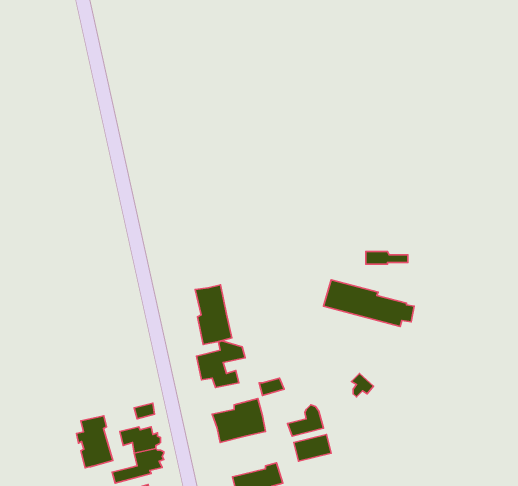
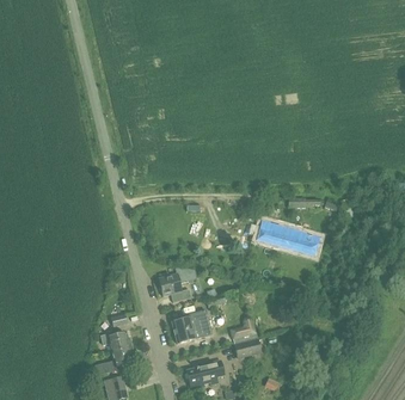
building: [195,285,232,345] -> none
building: [77,416,113,468] -> none

